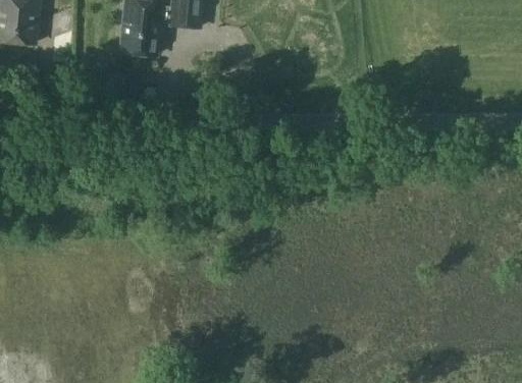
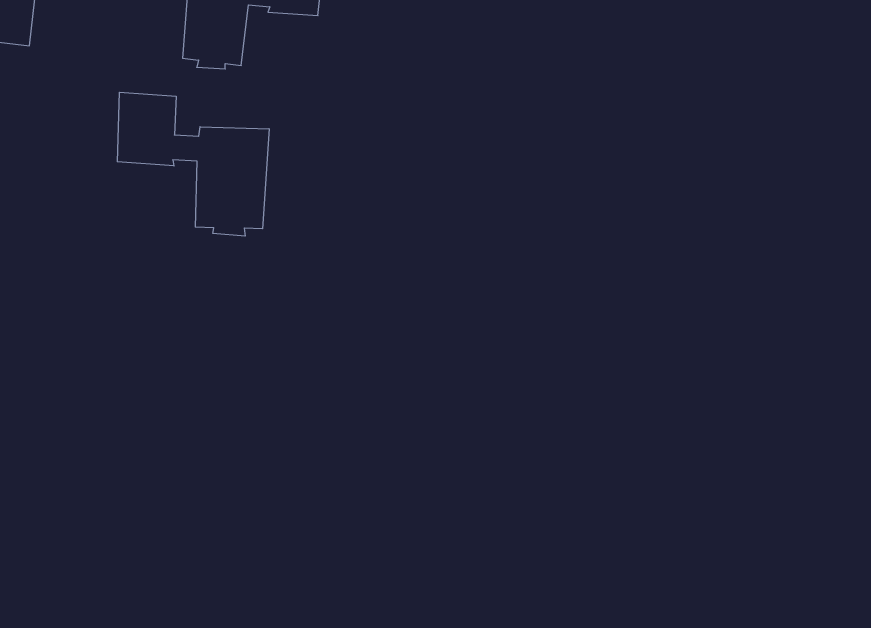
building: none -> [117,92,269,236]

